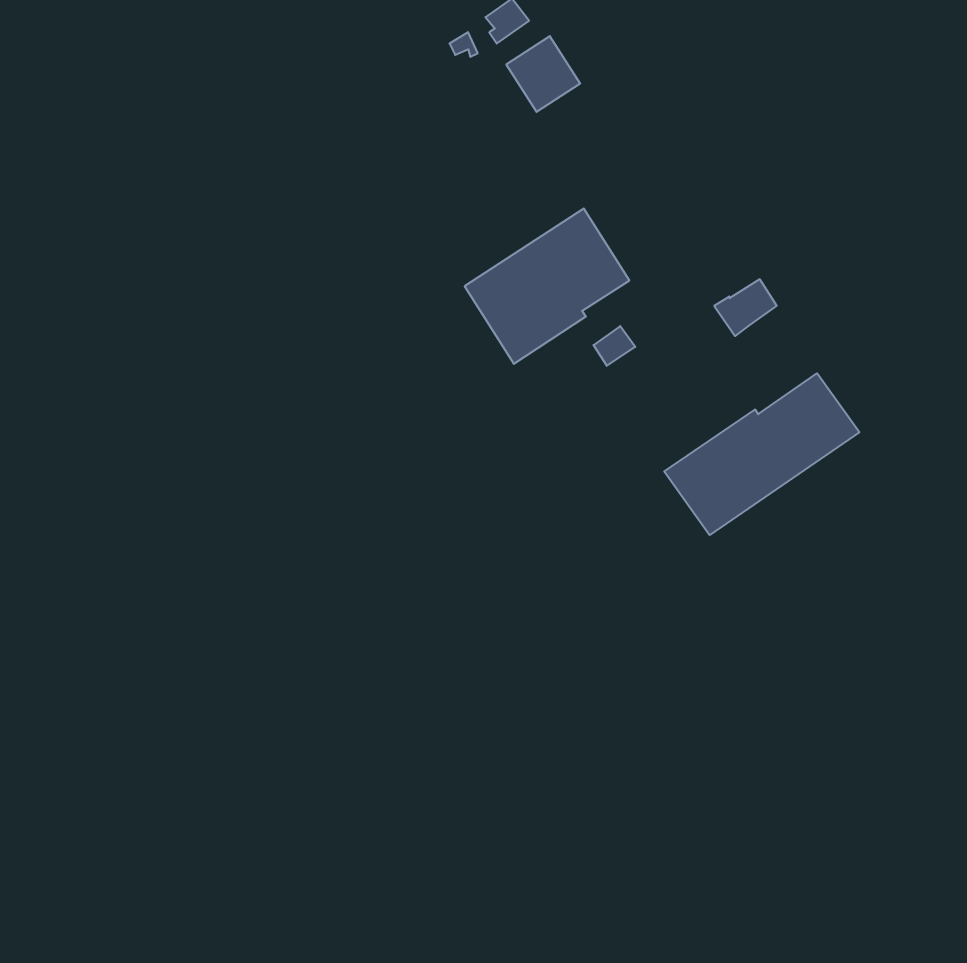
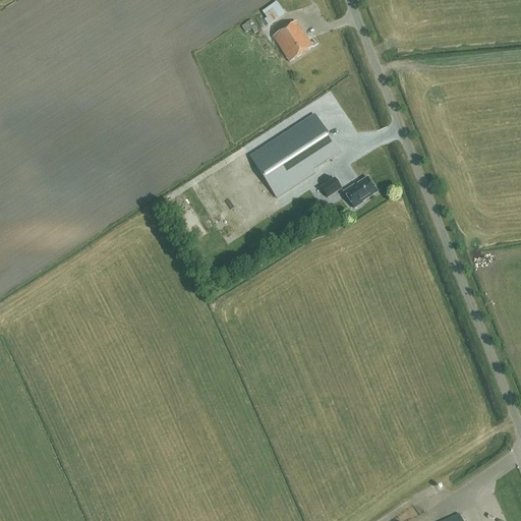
building: [714,279,777,336] -> [342,175,375,206]
building: [664,373,859,535] -> none

